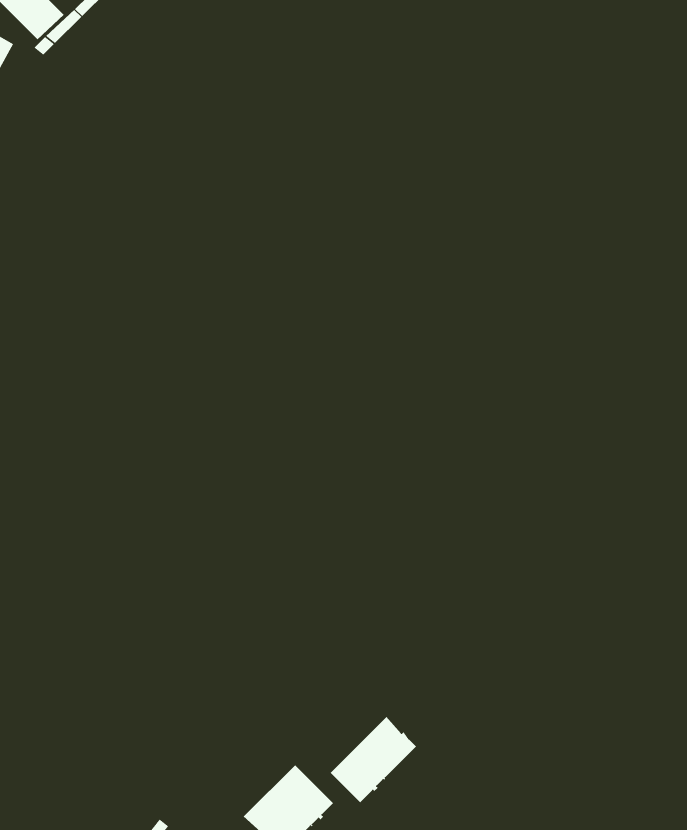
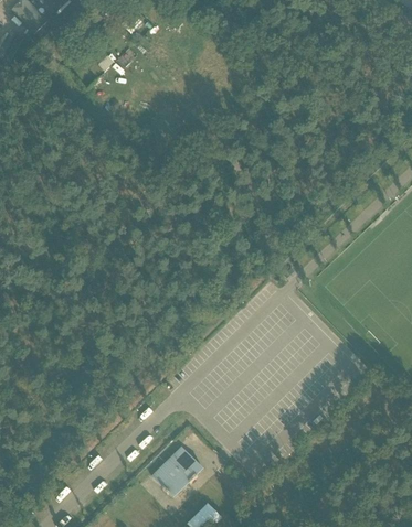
building: [330,716,417,803] -> none

